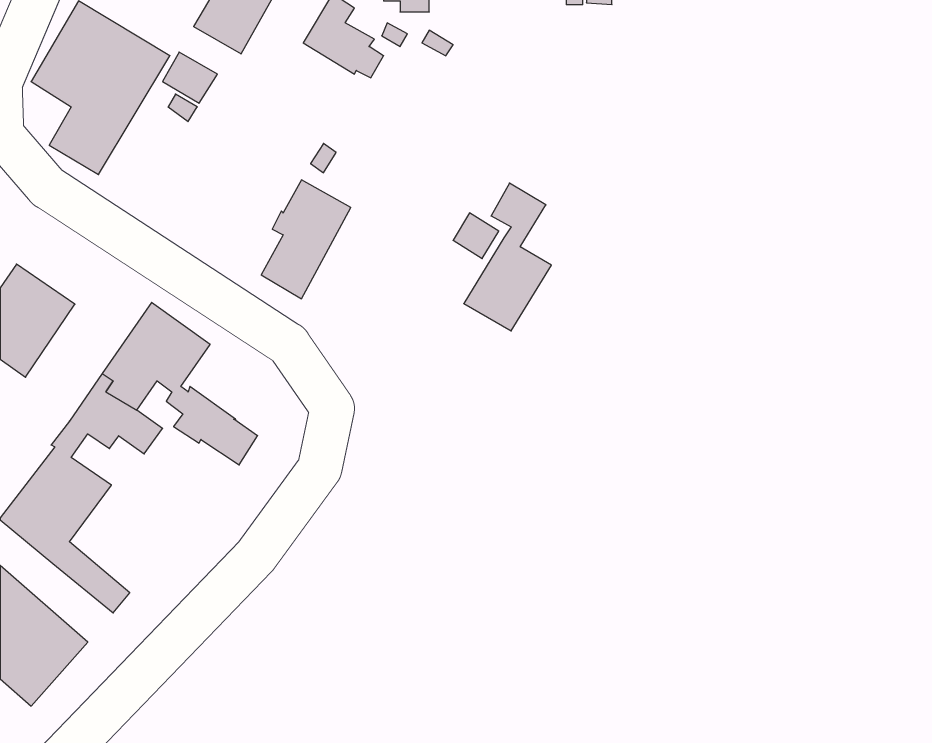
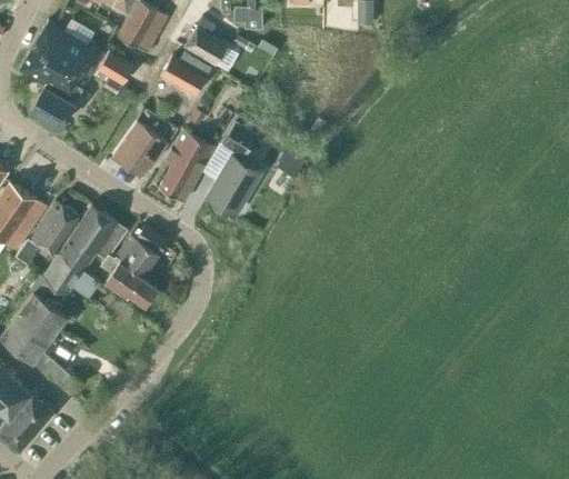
building: none -> [160,53,211,97]
building: none -> [112,123,168,178]
building: [464,183,551,331] -> [207,123,260,213]
building: none -> [14,206,79,266]
building: none -> [116,227,168,277]

